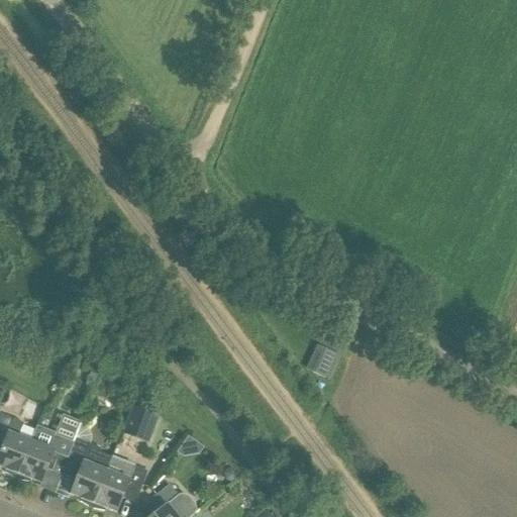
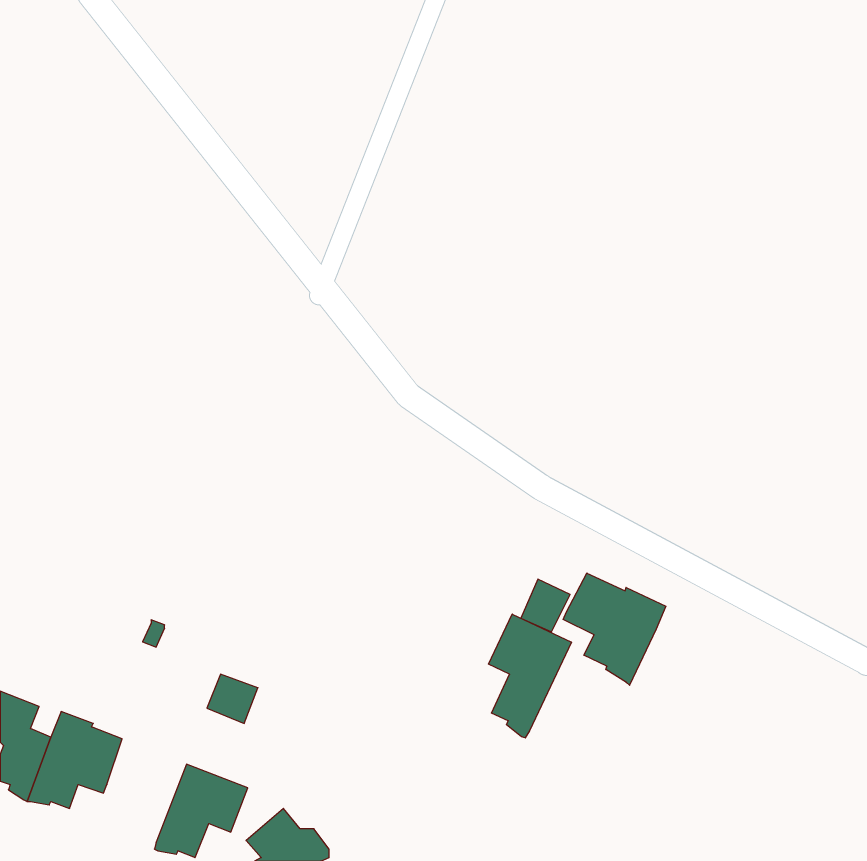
building: none -> [563,573,666,685]
building: none -> [488,614,571,738]
building: [64,435,111,505] -> none

